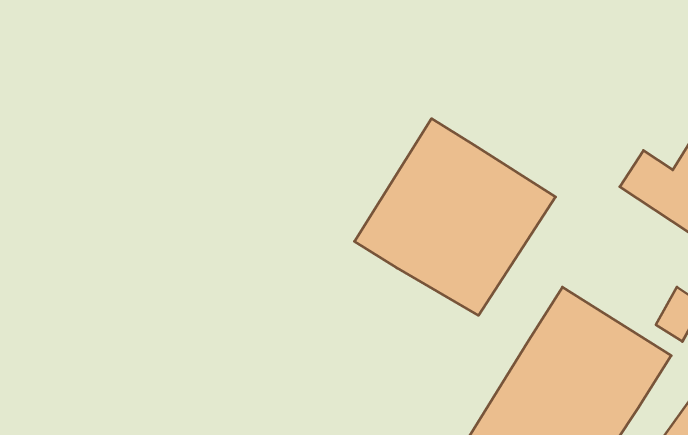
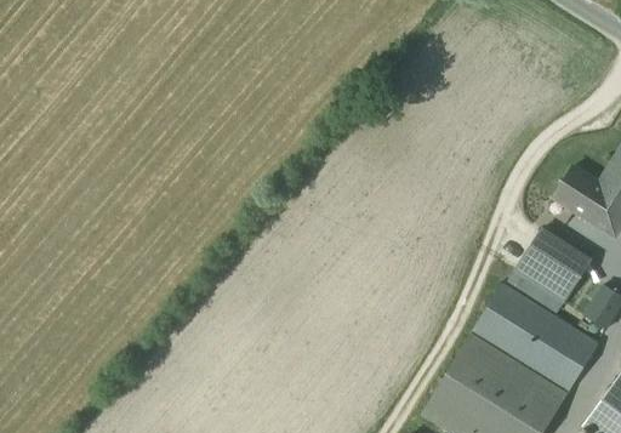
building: [354,119,556,315] -> none
building: none -> [513,226,594,303]

